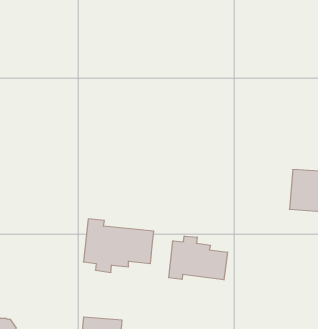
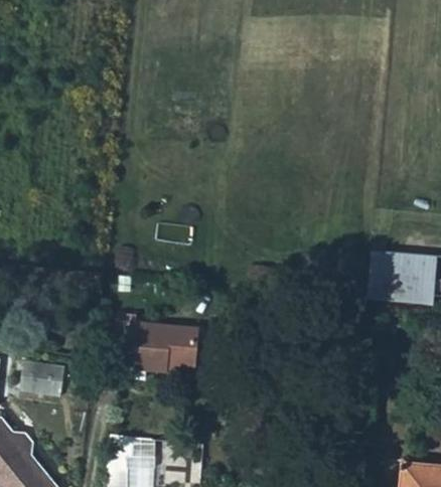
building: [169,236,227,280] -> none
building: none -> [24,362,66,396]

